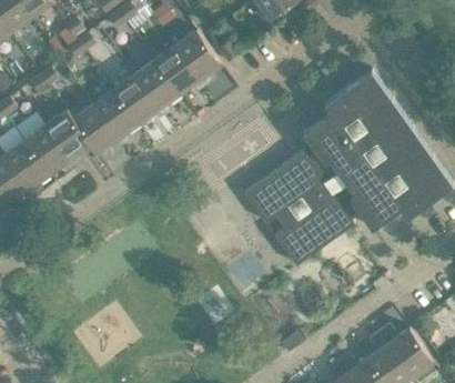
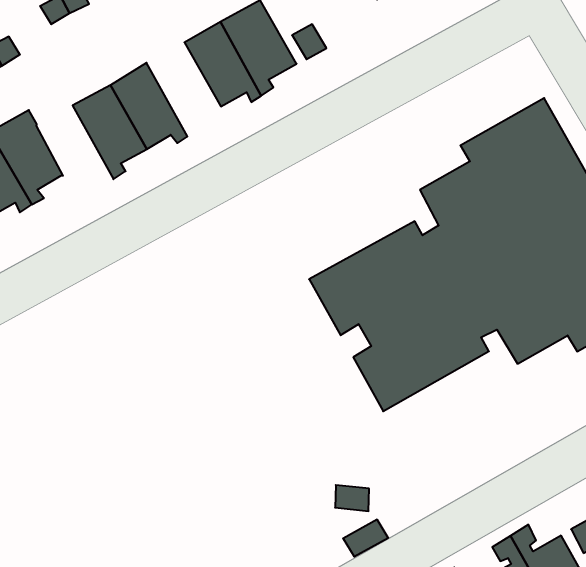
building: [133,60,180,115] -> none
building: [72,104,121,155] -> none

